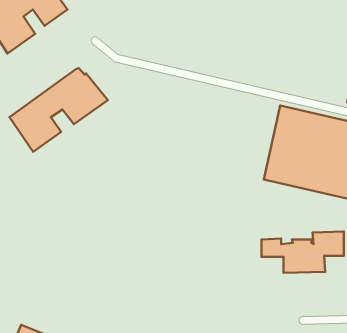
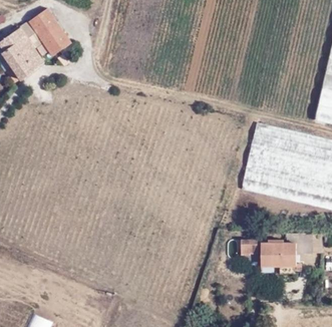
building: [10,68,108,152] -> none

